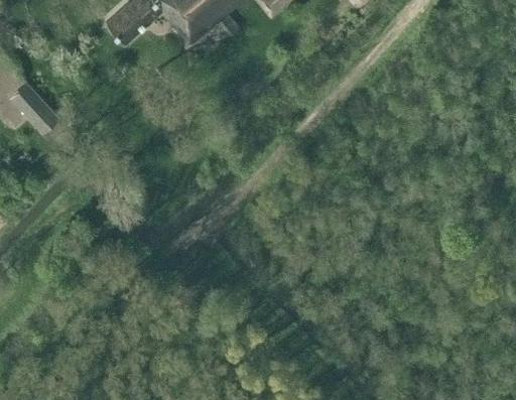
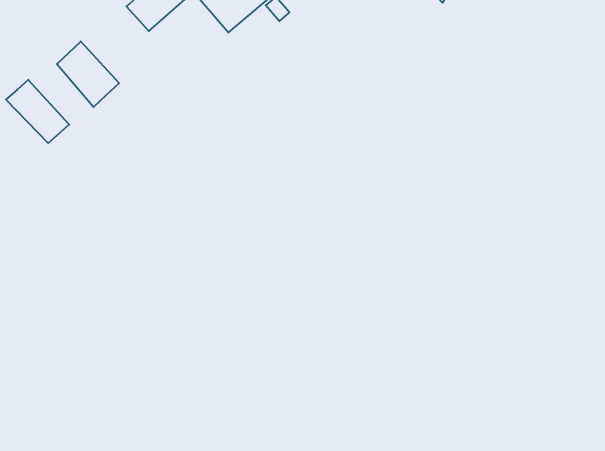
building: none -> [57,41,119,107]

